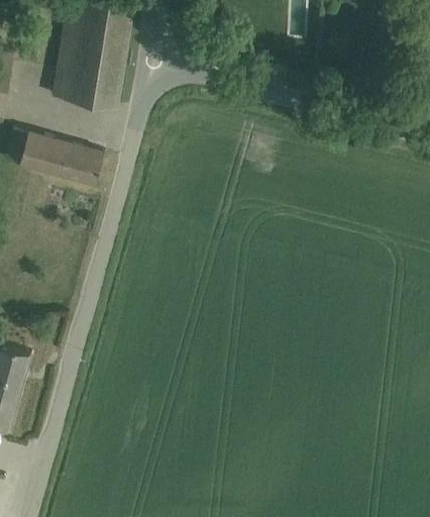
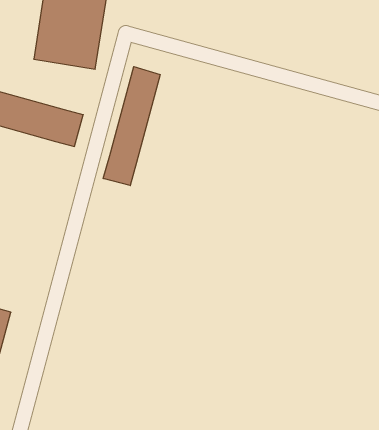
building: none -> [103,67,160,186]

